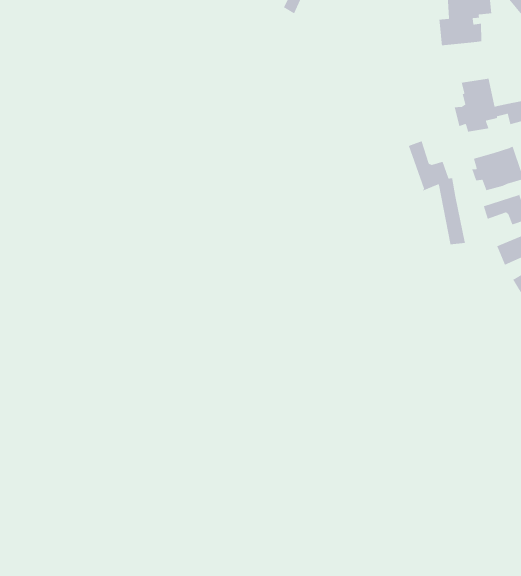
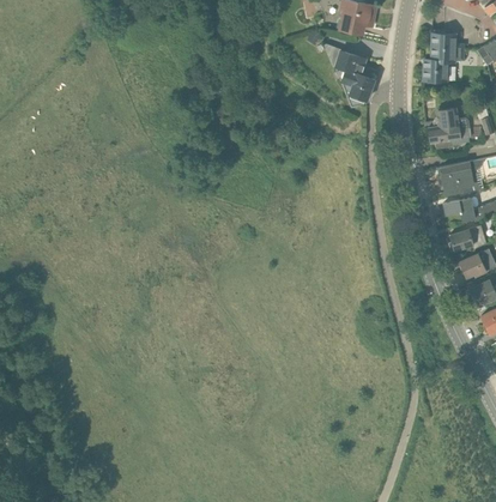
building: none -> [325,46,375,101]
building: [408,140,466,245] -> none

